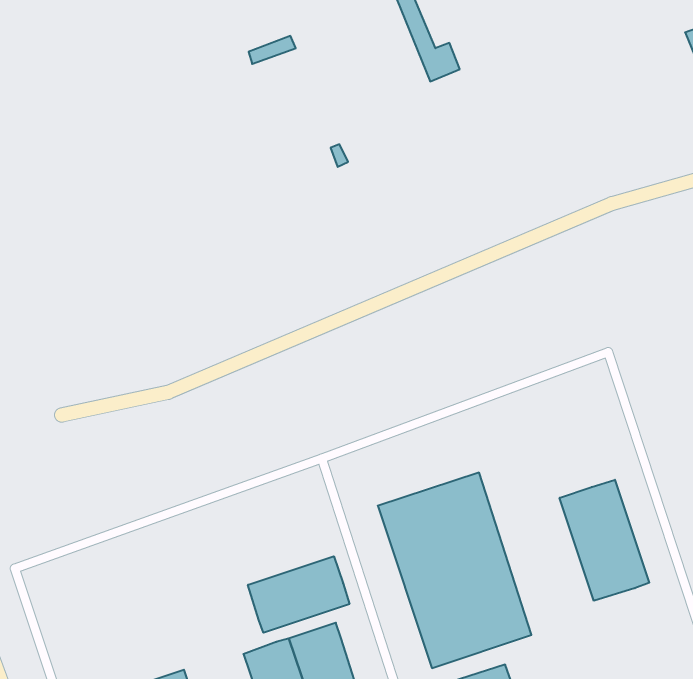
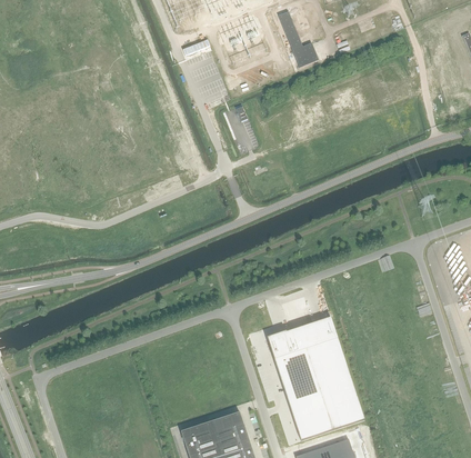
building: [560,480,649,601] -> none
building: [248,556,349,633] -> none

